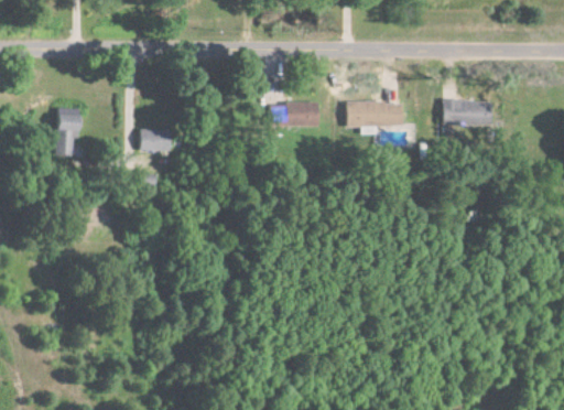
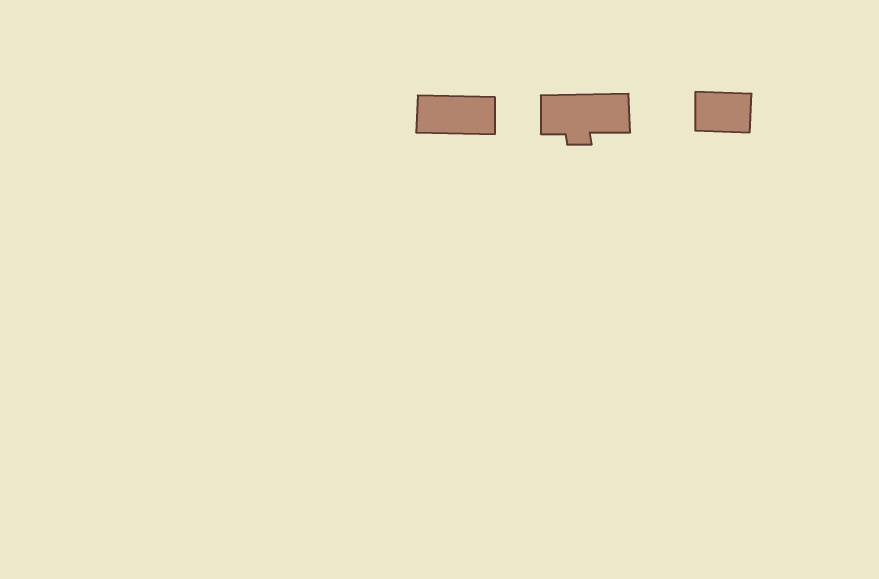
building: [57,108,78,153] -> none
building: [140,129,171,151] -> none

